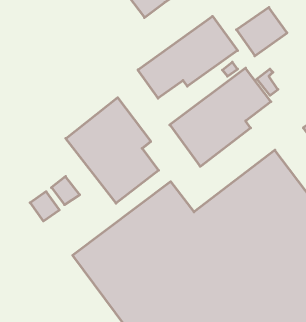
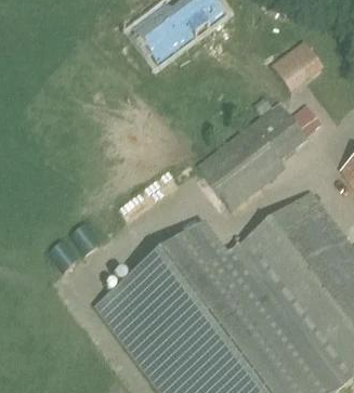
building: [138,16,238,98] -> none
building: [66,98,159,203] -> none

